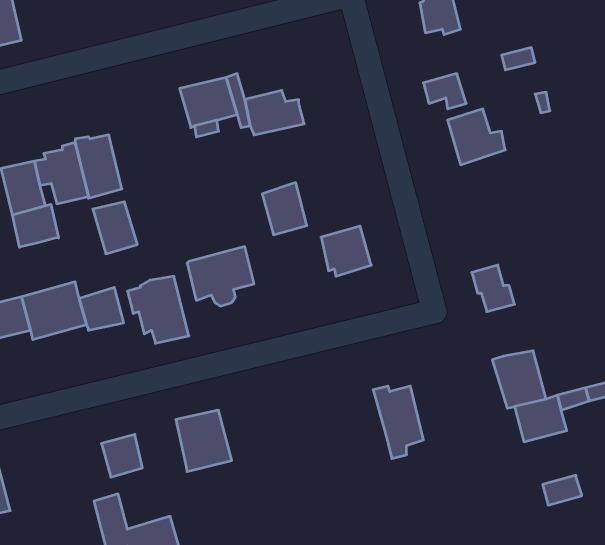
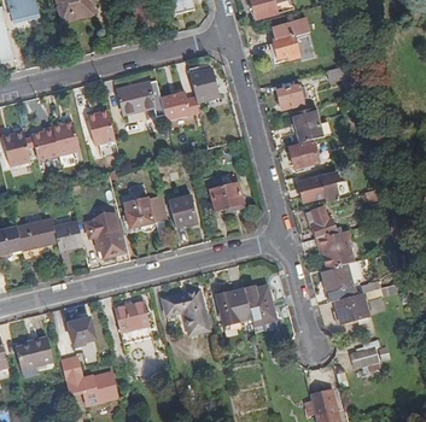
building: none -> [187,65,216,101]
building: none -> [288,139,317,166]
building: [262,183,307,235] -> [165,194,194,228]
building: [93,202,137,254] -> [86,111,115,145]
building: [12,204,59,247] -> none
building: none -> [297,170,338,200]
building: none -> [316,228,354,265]
building: none -> [162,287,208,333]
building: none -> [216,287,251,324]
building: none -> [16,336,53,369]

